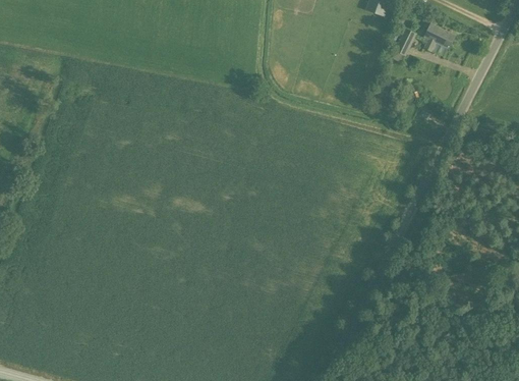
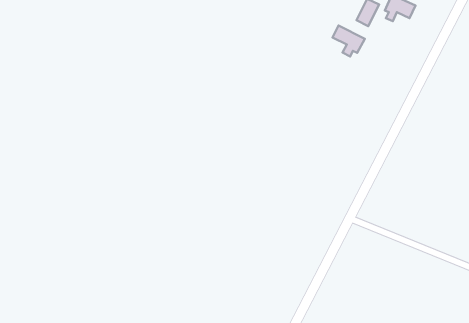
building: none -> [333,26,365,56]

